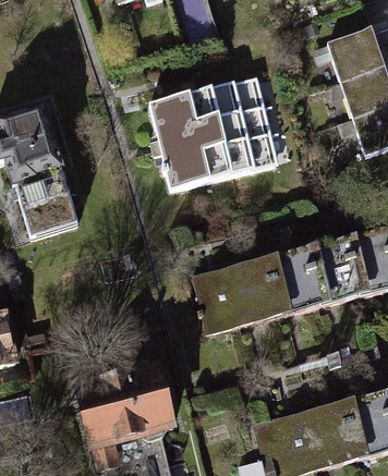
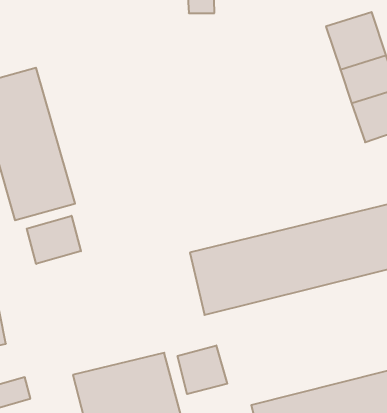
building: [155,78,278,186] -> none
building: none -> [27,216,81,264]
building: none -> [178,345,227,394]

